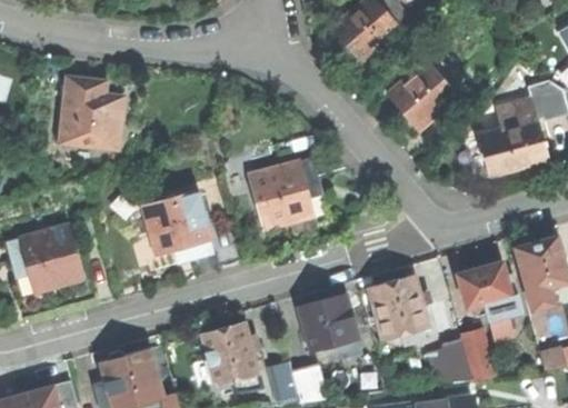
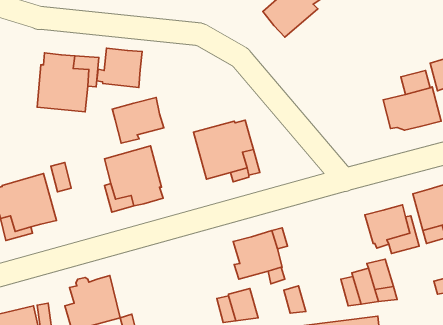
building: [389,53,457,129] -> none
building: none -> [97,48,142,88]
building: none -> [112,97,164,143]
building: [367,275,427,345] -> none
building: [200,322,258,392] -> none

